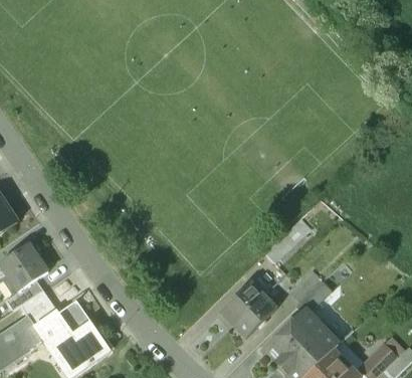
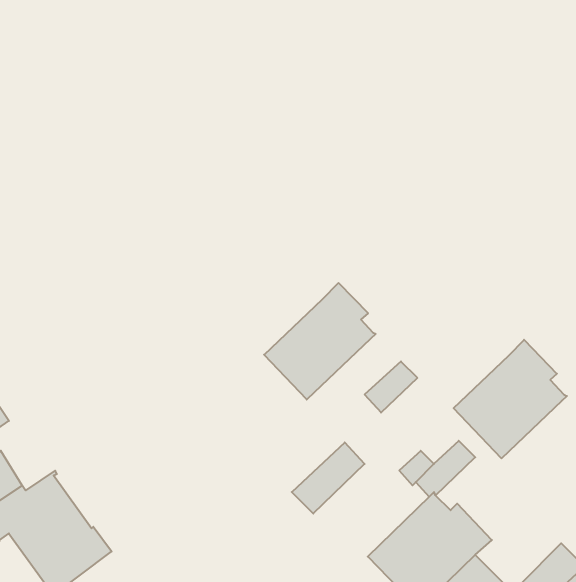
building: none -> [264,283,376,400]
building: none -> [454,340,567,458]
building: [232,295,275,338] -> none

